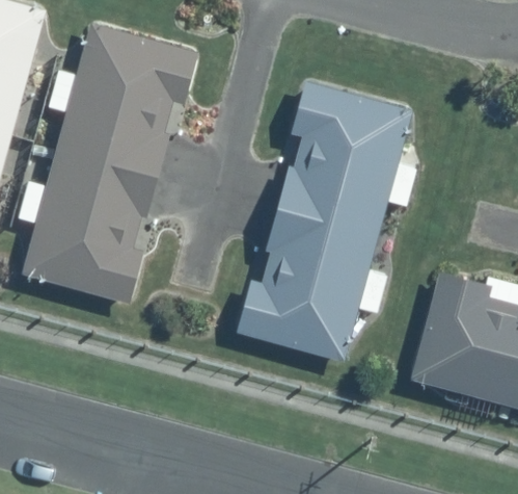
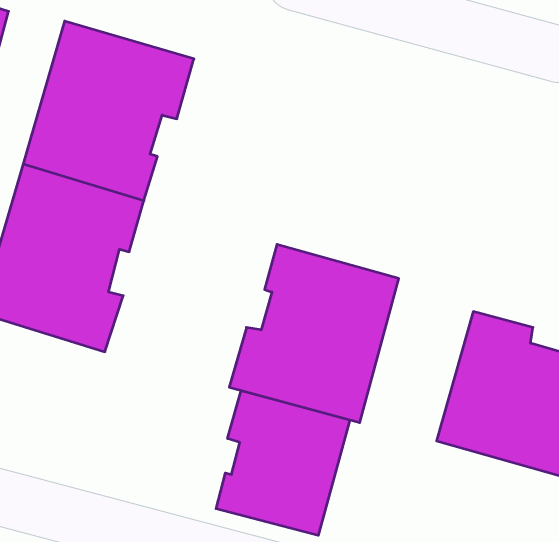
building: [273,82,411,240] -> none
building: none -> [216,390,350,535]

